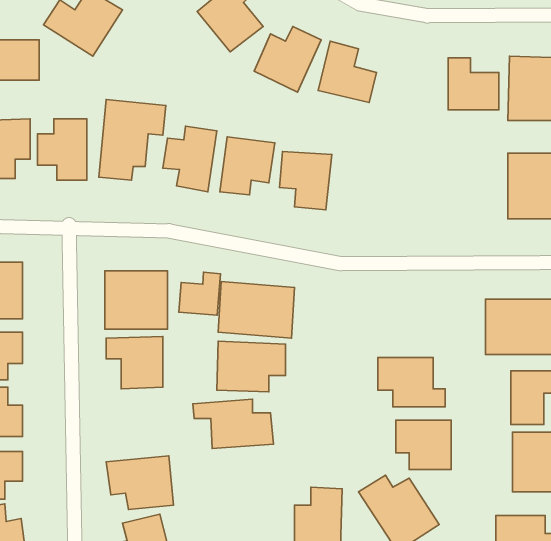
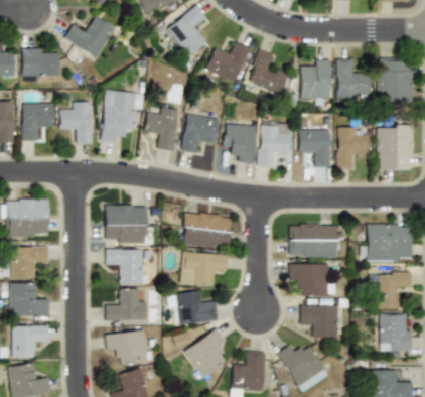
building: none -> [301,59,331,99]
building: none -> [259,123,293,166]
building: none -> [337,126,370,168]
building: none -> [299,130,331,166]
building: [179,272,221,315] -> none
building: none -> [288,224,337,258]
building: none -> [106,288,147,321]
building: none -> [184,327,230,378]

